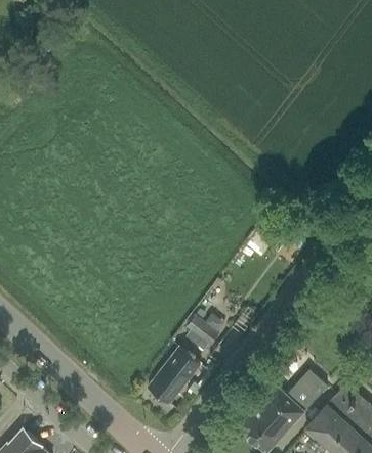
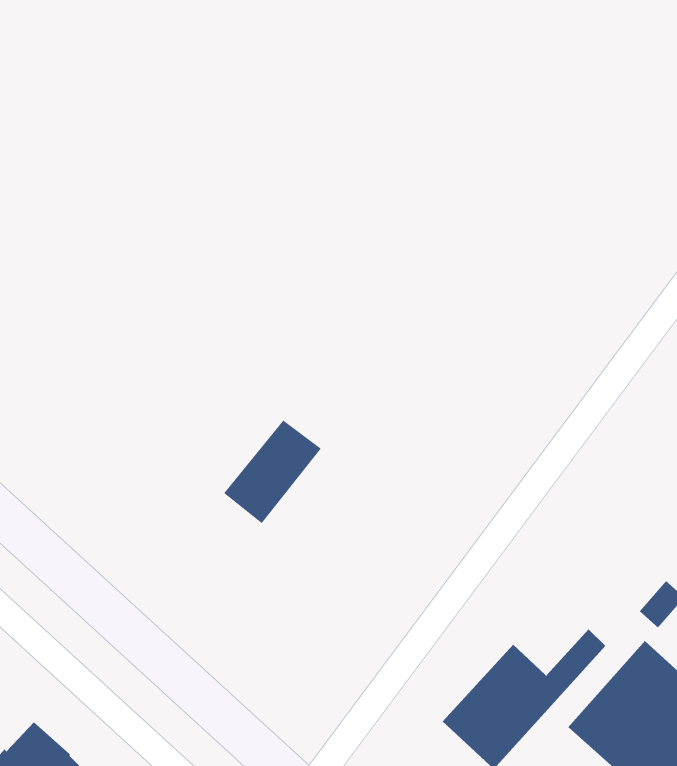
building: [185,316,219,350] -> none
building: [150,348,202,403] -> [223,420,322,524]

